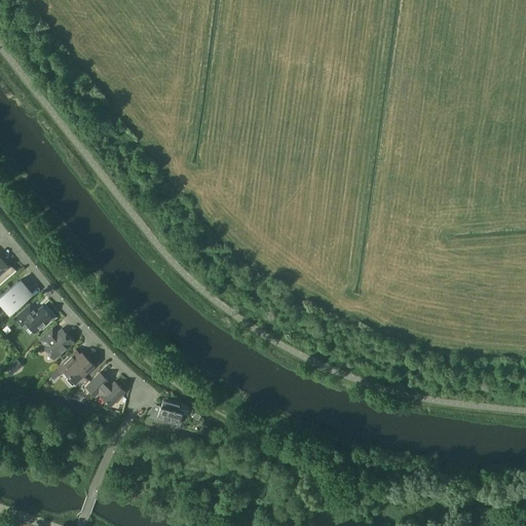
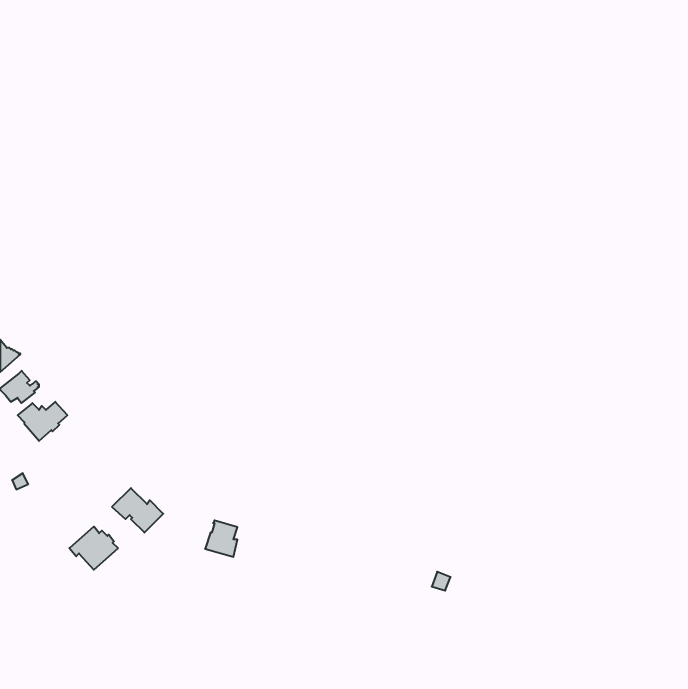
building: [40,329,74,359] -> none
building: [58,349,95,382] -> [69,527,118,570]

